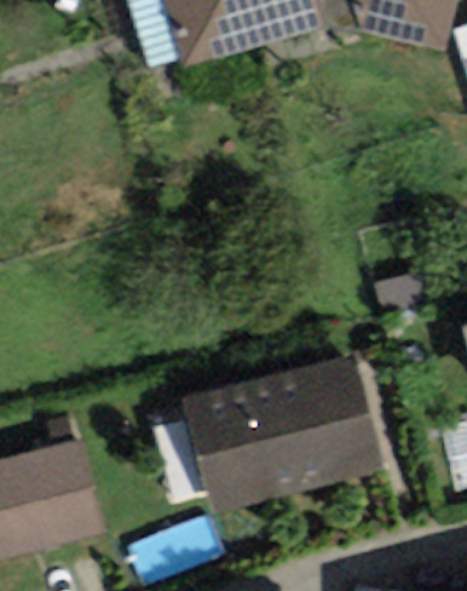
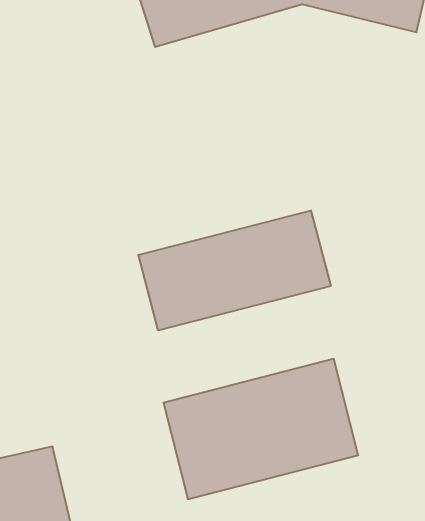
building: none -> [138,210,331,330]

